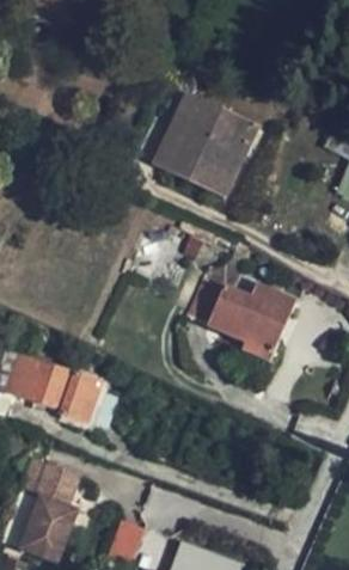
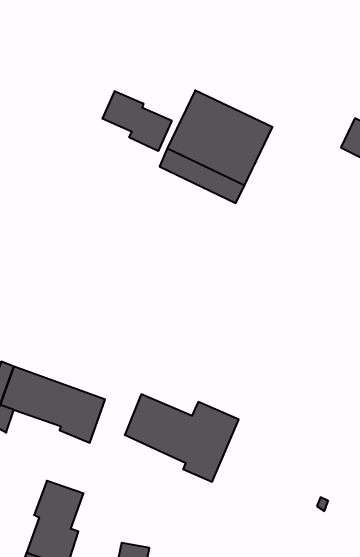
building: none -> [102,91,172,151]
building: [186,277,294,360] -> [125,394,239,482]

